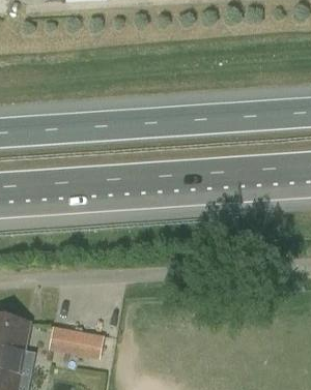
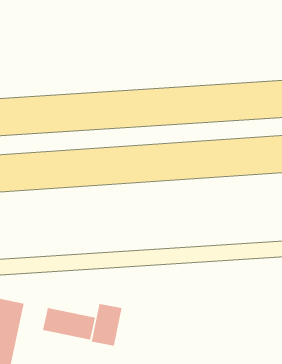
building: none -> [91,303,122,346]

